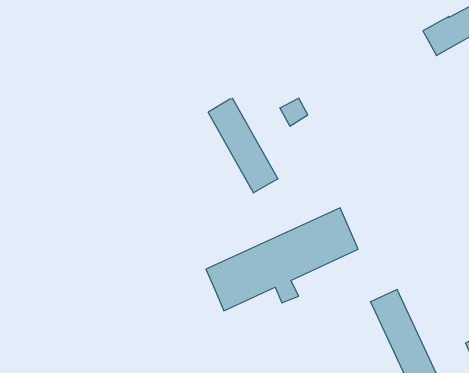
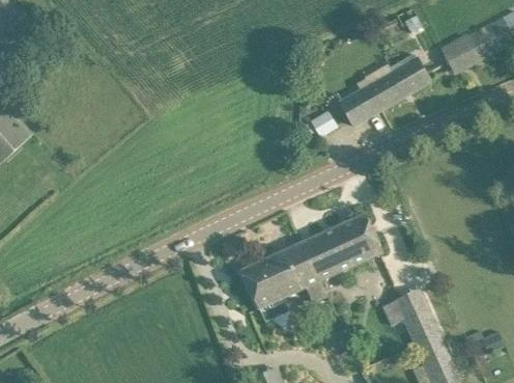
building: none -> [339,53,428,126]
building: [208,98,278,193] -> none

